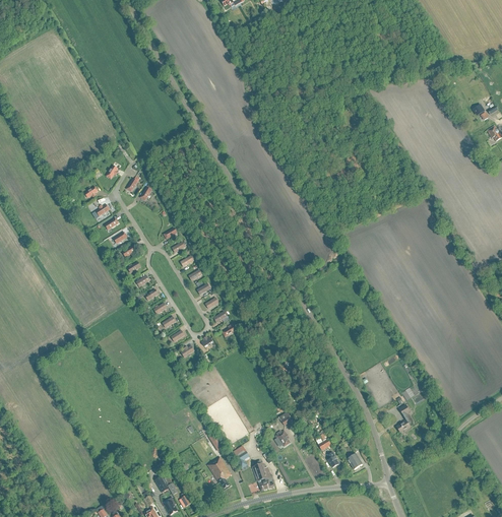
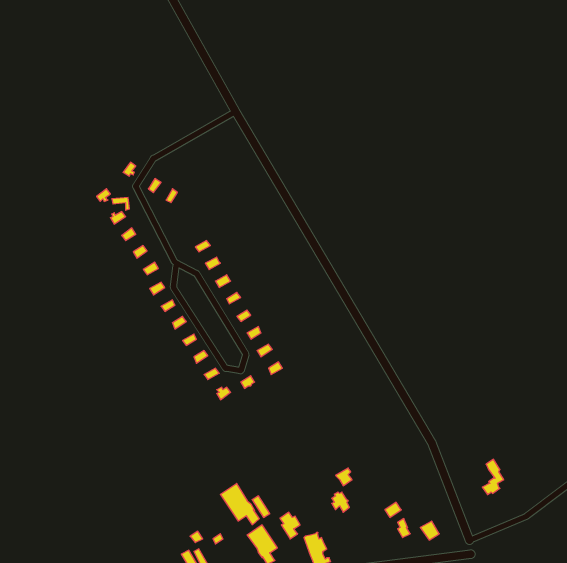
building: none -> [220,483,259,525]

